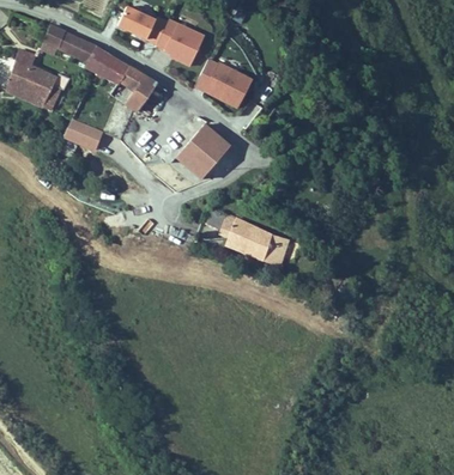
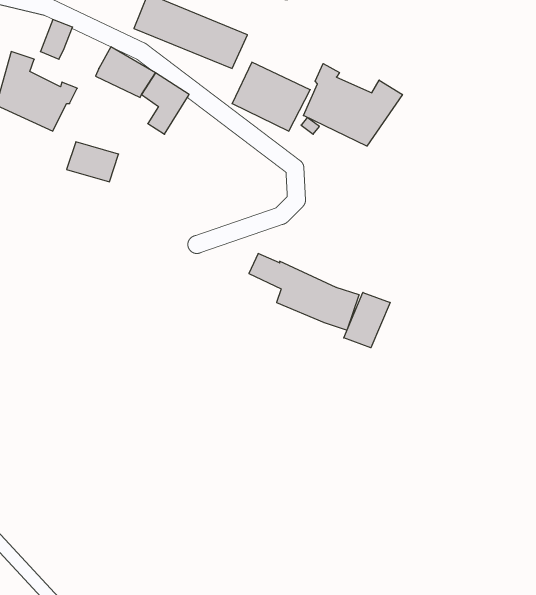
building: [60,30,97,62] -> none
building: none -> [303,64,402,146]
building: [174,122,230,182] -> none
building: none -> [344,292,390,348]

